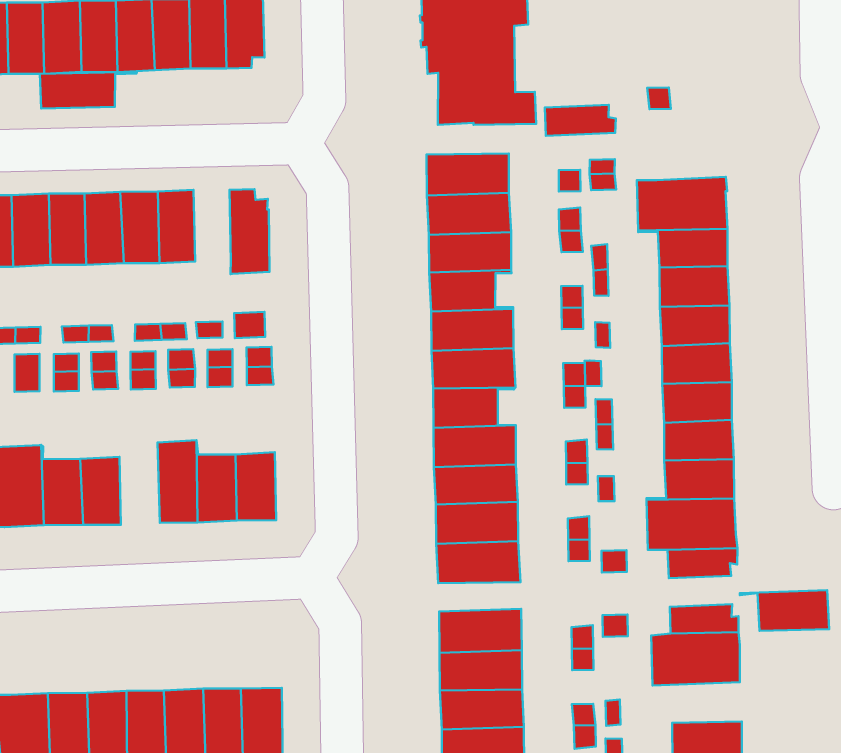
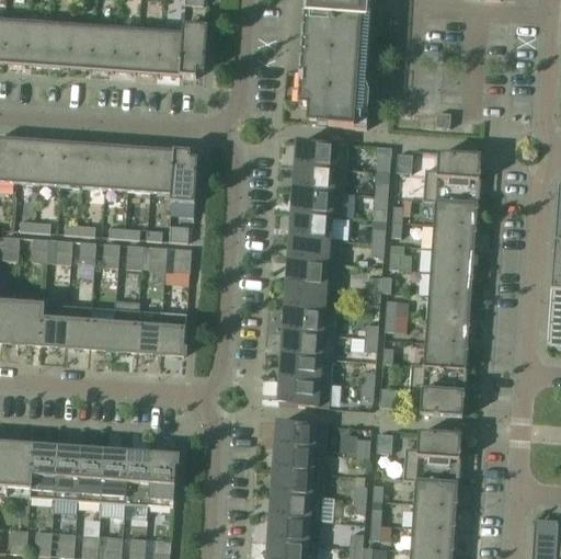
building: [40,72,137,109] -> none
building: [545,105,616,136] -> [436,151,480,171]
building: none -> [149,147,174,193]
building: none -> [88,298,115,349]
building: [740,590,829,631] -> [403,478,457,505]

